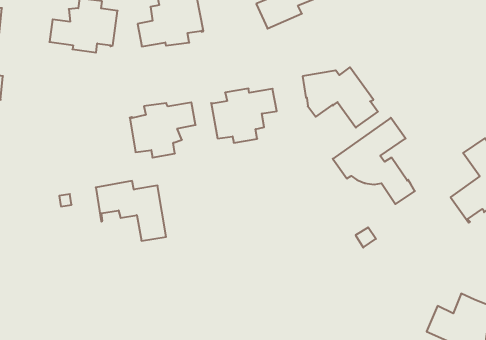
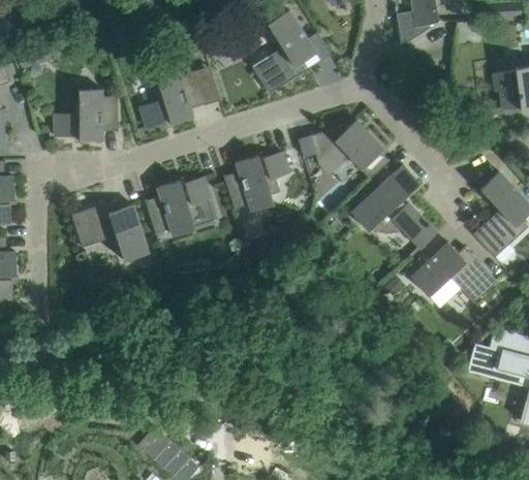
building: [96,181,166,241] -> [71,203,148,261]
building: none -> [411,242,497,299]

